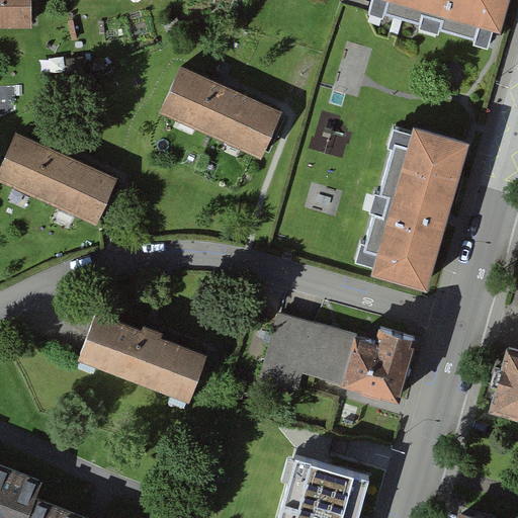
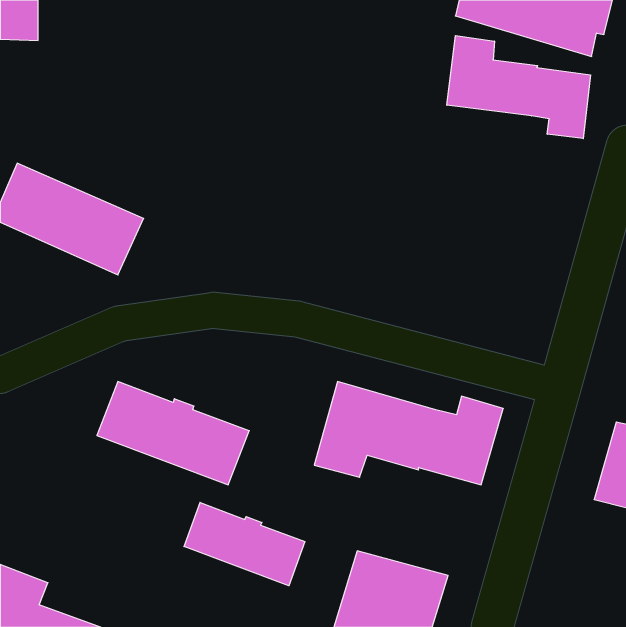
building: none -> [447,36,590,139]
building: [159,68,283,161] -> none
building: [362,128,465,282] -> none
building: none -> [184,502,305,586]

